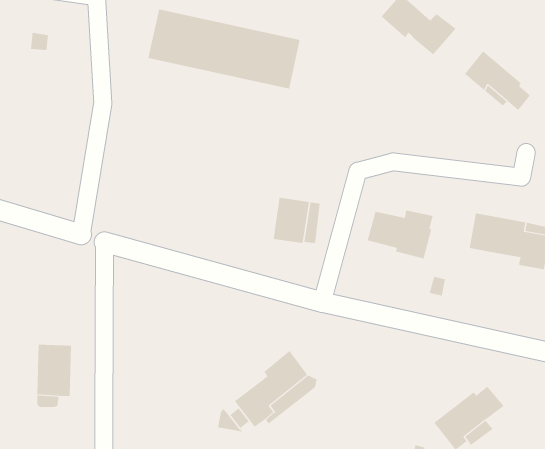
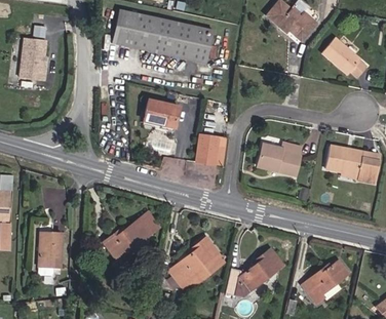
building: none -> [21,39,46,79]
building: none -> [143,98,180,128]
building: none -> [104,211,160,260]
building: none -> [226,248,283,296]

